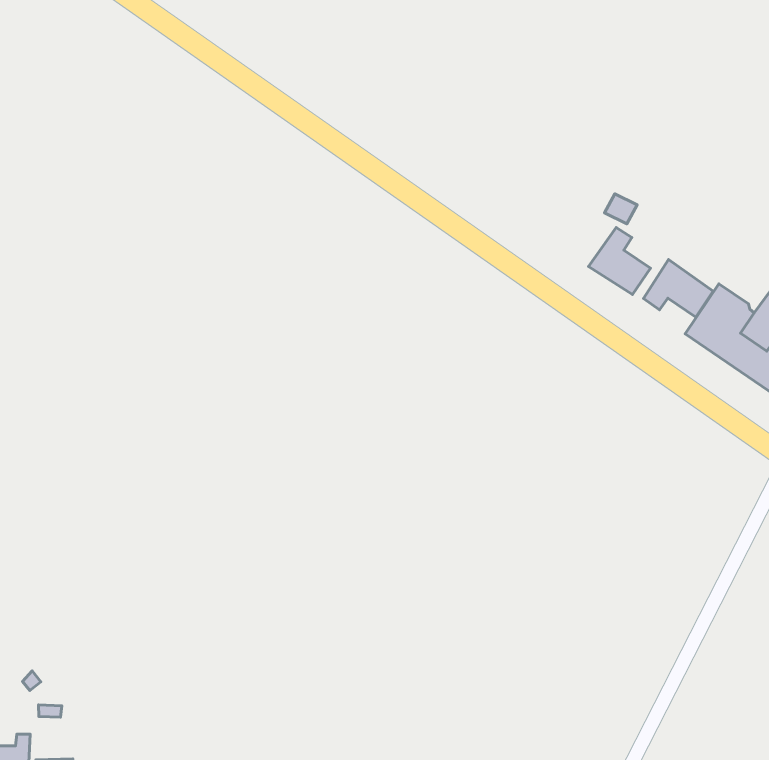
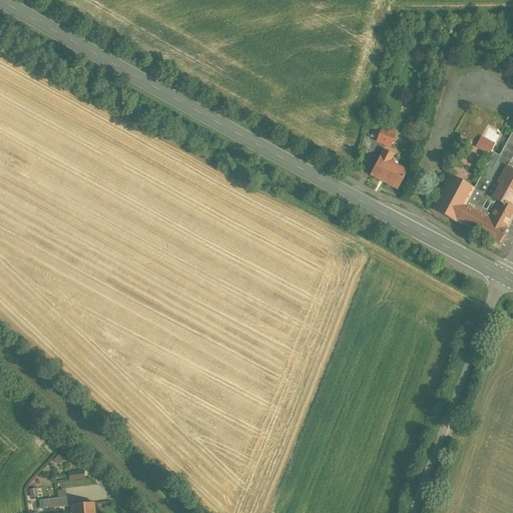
building: [644,260,713,317] -> none

